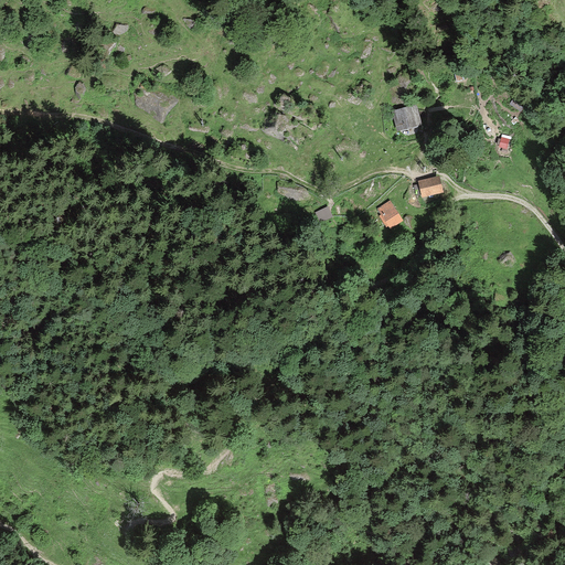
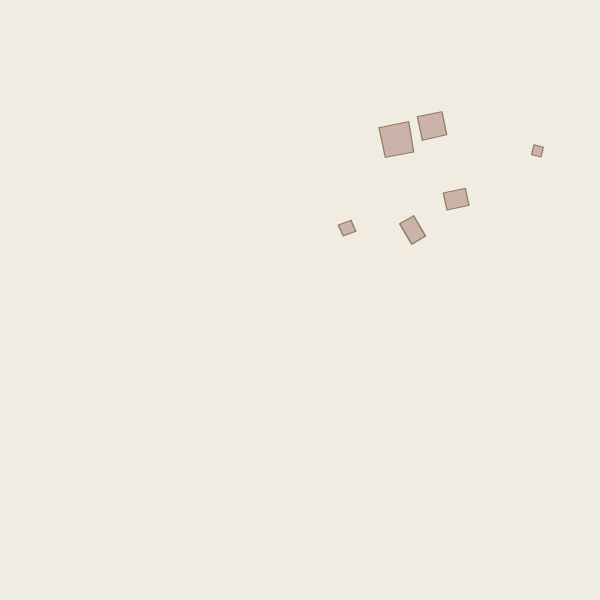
building: none -> [379,122,414,157]

